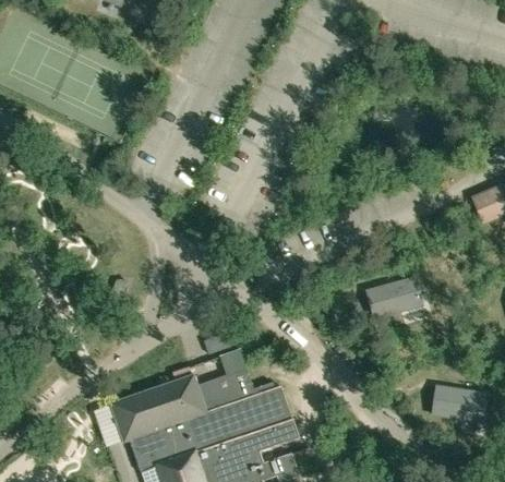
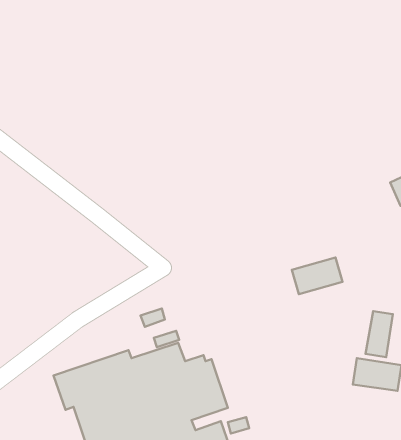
building: none -> [366,311,393,357]

